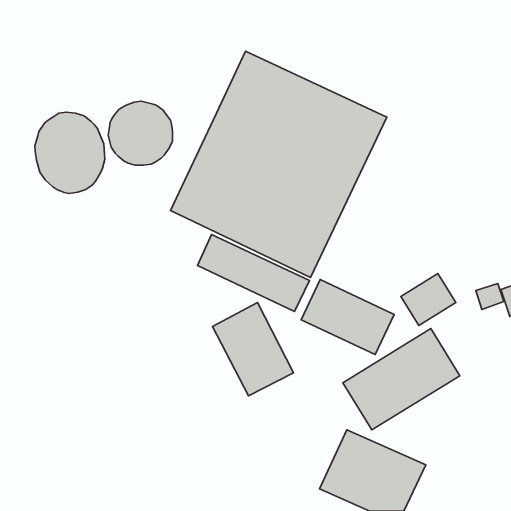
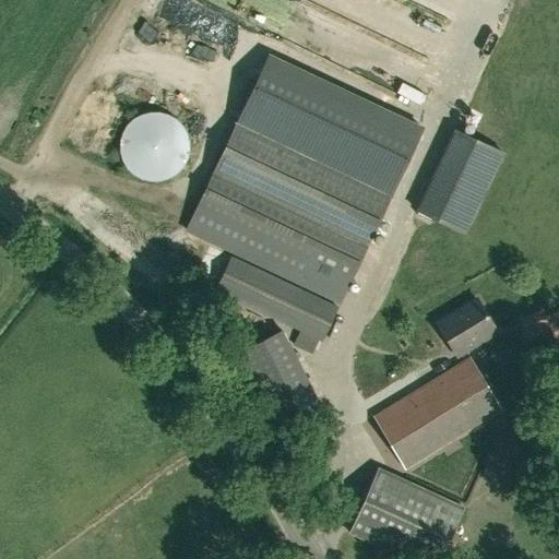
building: [35,112,105,193] -> none
building: none -> [420,123,509,229]
building: [301,280,394,355] -> none

